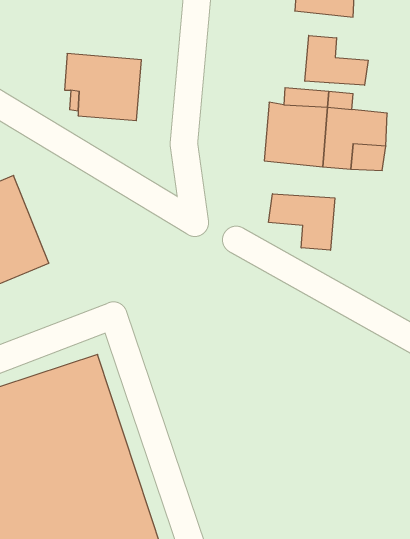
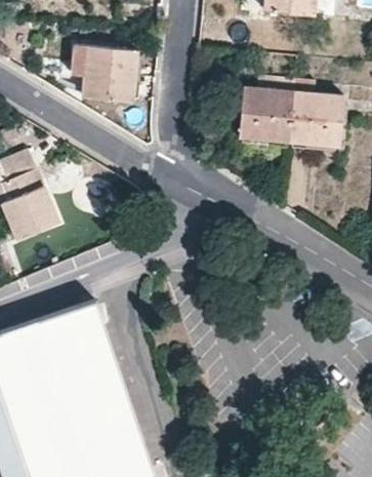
building: [305,35,368,85] -> none
building: [269,194,335,250] -> none

